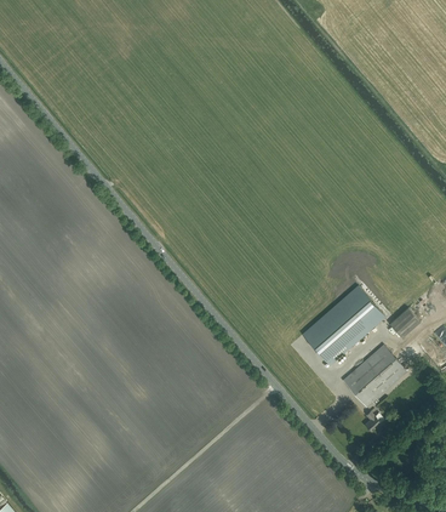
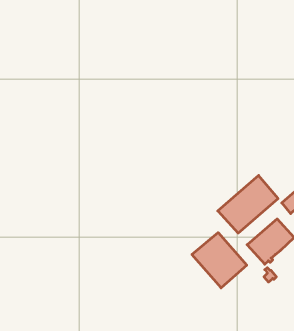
building: none -> [192,233,247,288]

